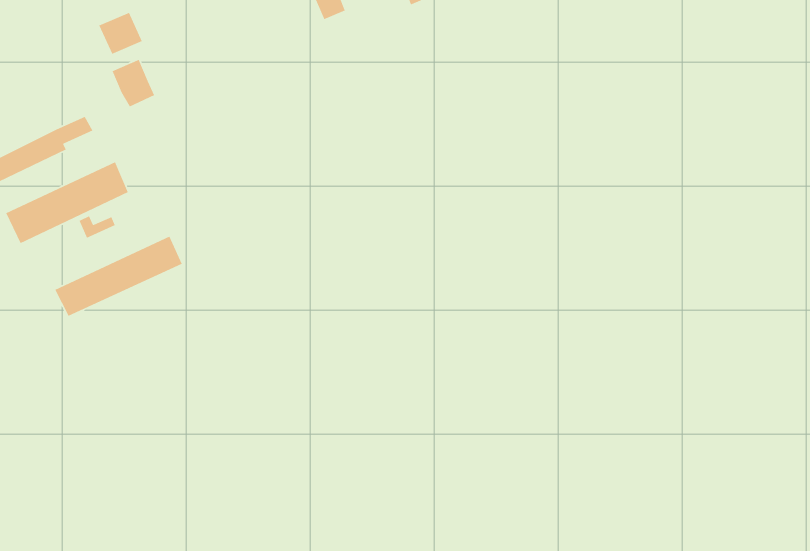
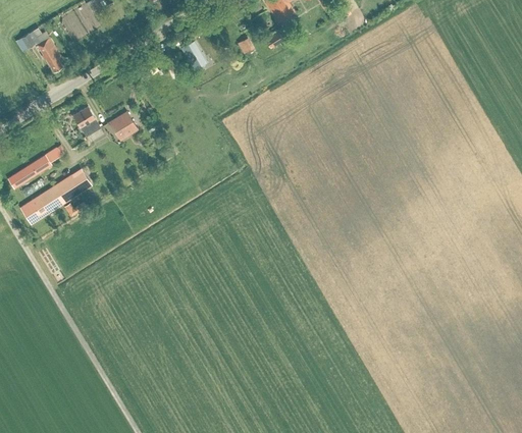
building: [98,12,143,55] -> [108,111,136,138]
building: [54,236,183,317] -> none

